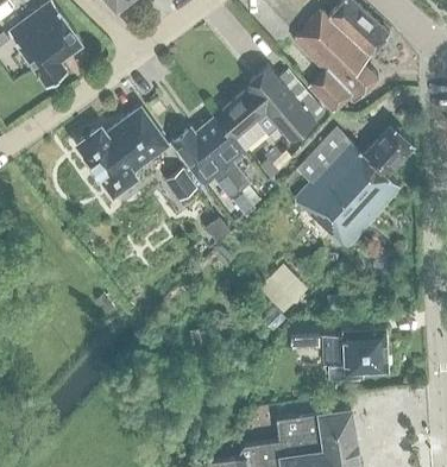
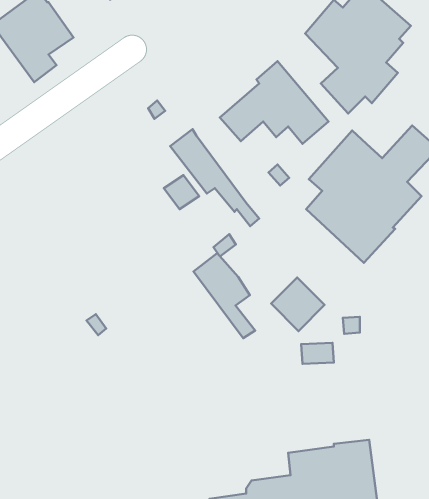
building: [76,108,169,196] -> none
building: [195,118,251,195] -> [194,253,255,338]
building: [323,329,389,380] -> none

